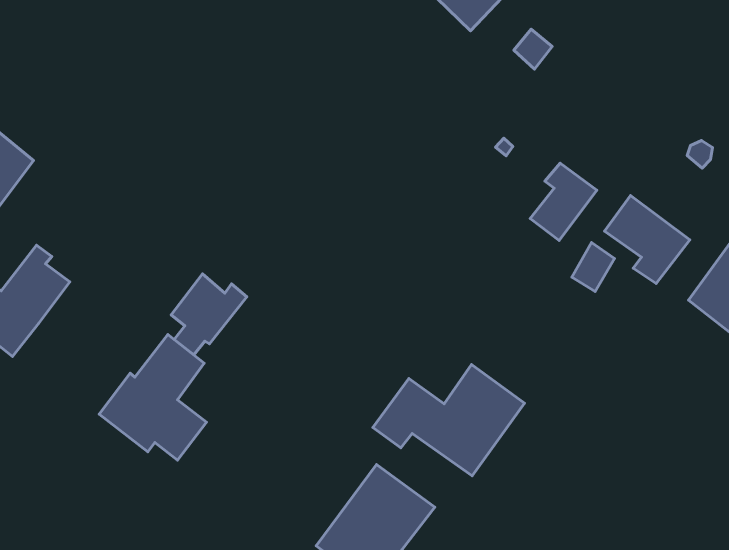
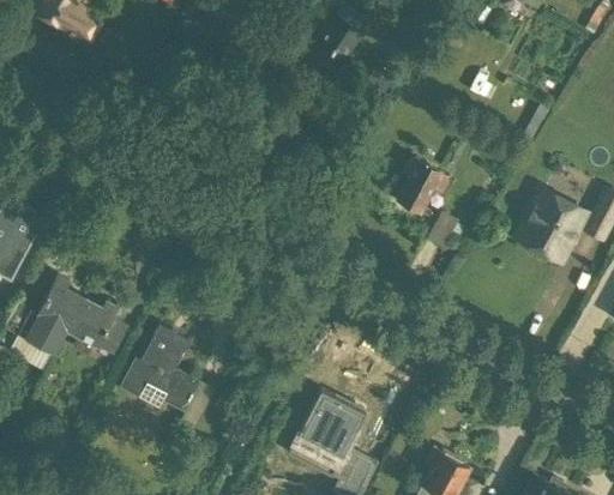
building: [604,195,690,284] -> none
building: [171,274,247,355] -> [68,298,119,356]
building: [373,364,524,476] -> none

